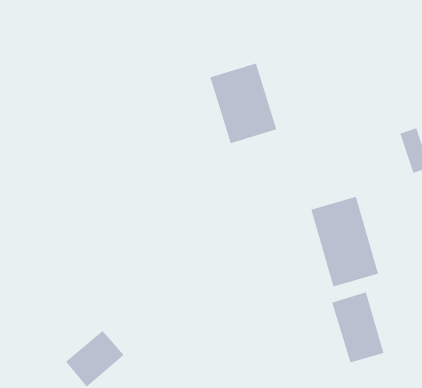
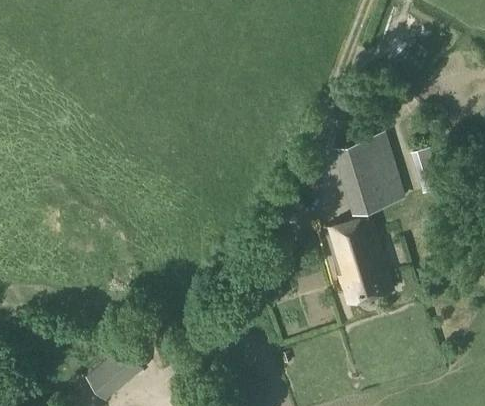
building: [210,63,277,144] -> [334,133,400,212]
building: [332,291,384,363] -> none

